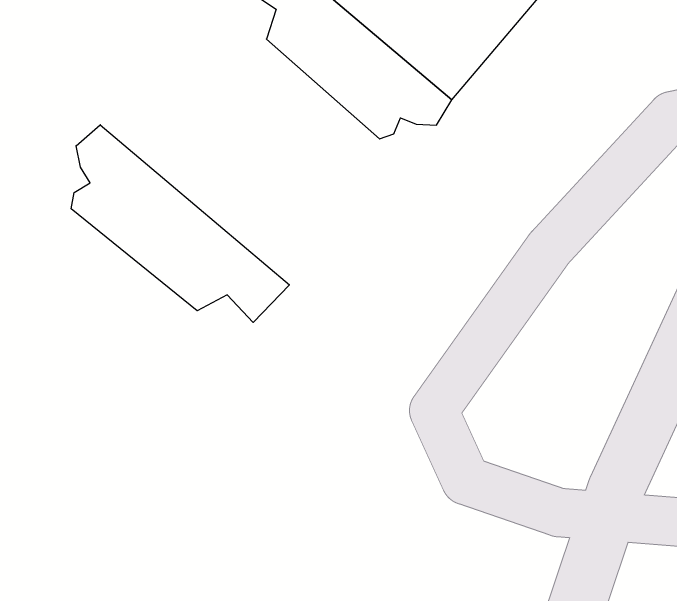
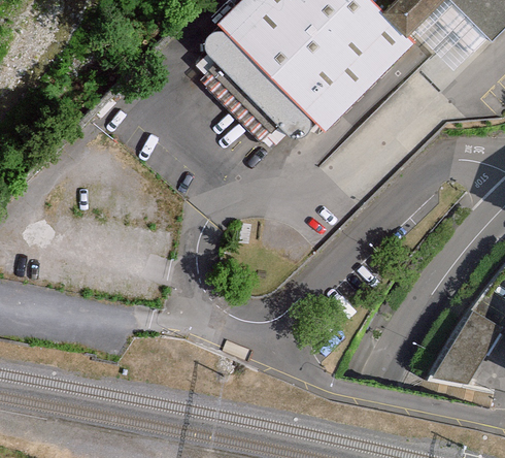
building: [71,125,289,322] -> none

